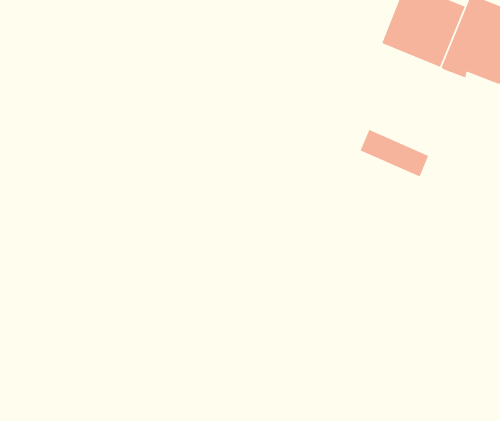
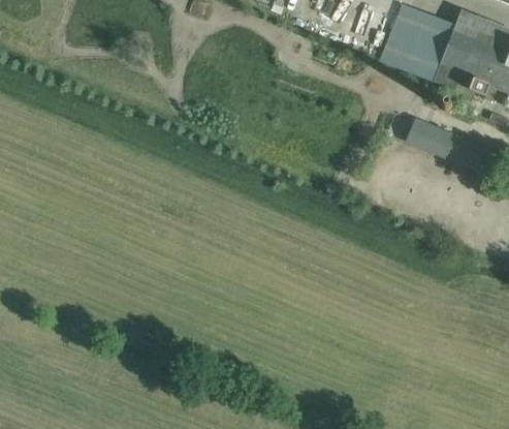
building: [360,129,429,178] -> [408,117,470,160]

